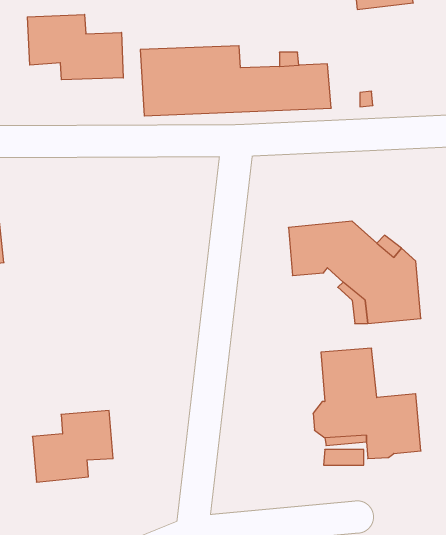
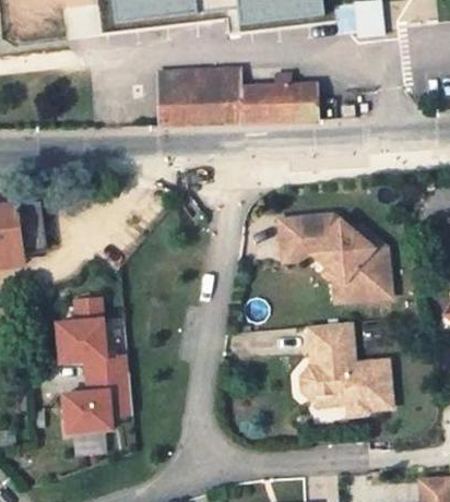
building: [27,14,123,80] -> none
building: none -> [60,299,130,376]

